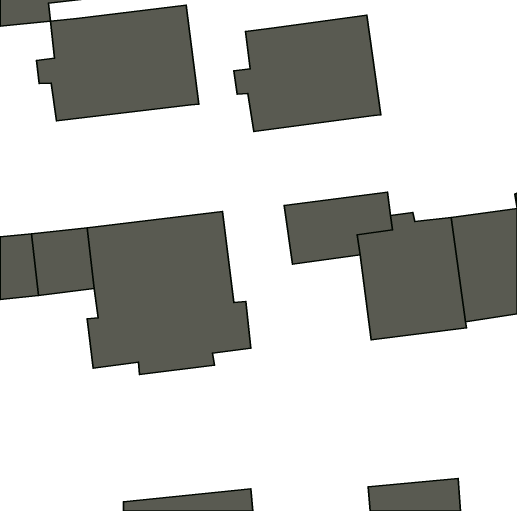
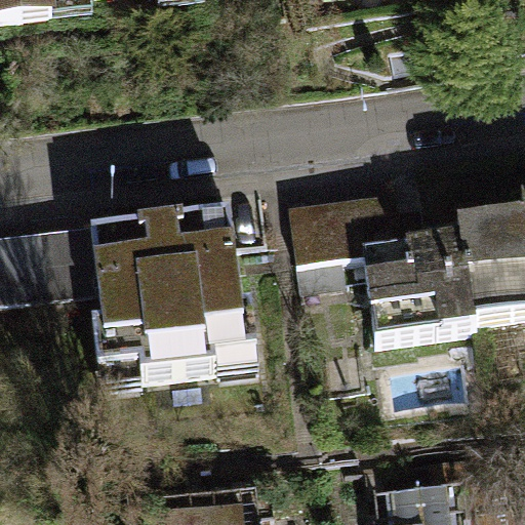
building: [36,5,199,121] -> none
building: [234,15,381,132] -> none

